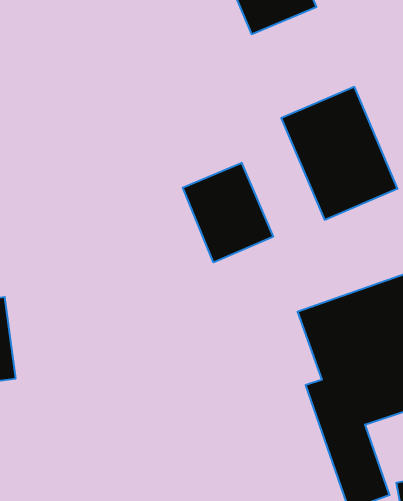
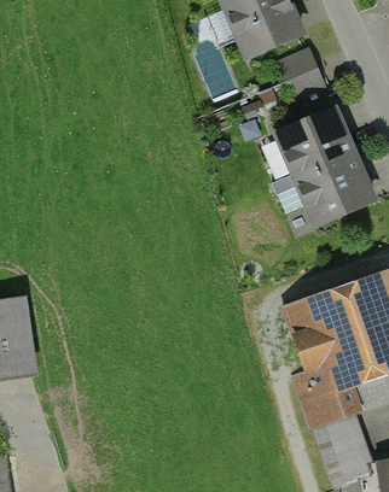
building: none -> [278,47,326,100]
building: [183,163,273,262] -> none

